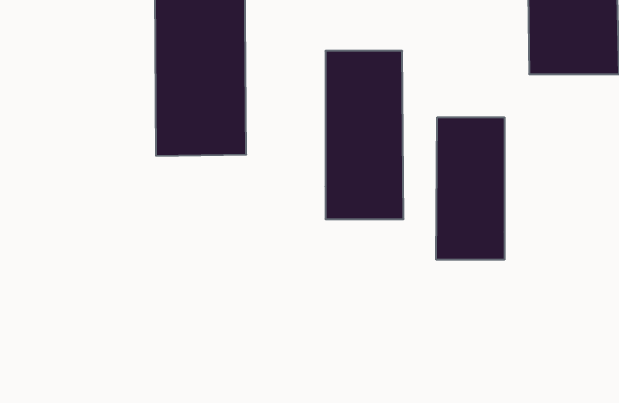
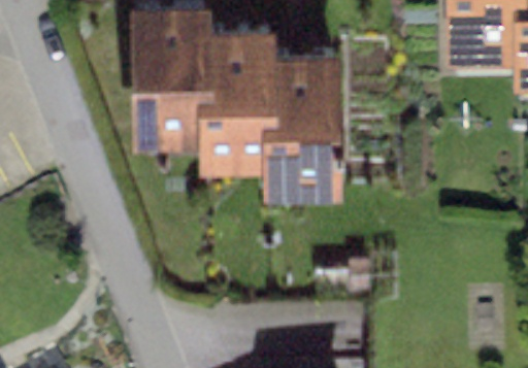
building: none -> [210,30,278,172]
building: [436,117,504,260] -> none

